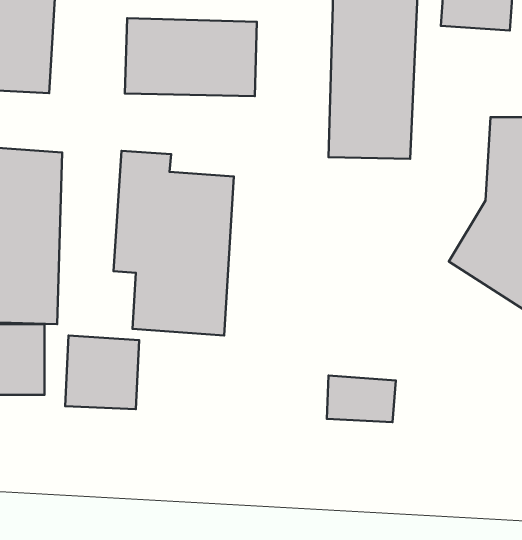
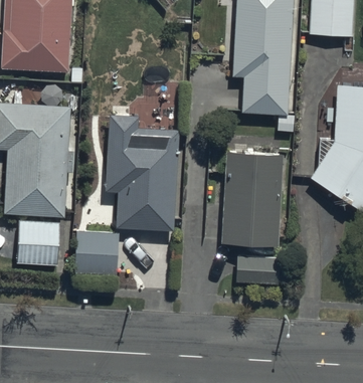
building: [125,18,257,96] -> none
building: none -> [223,151,284,245]

